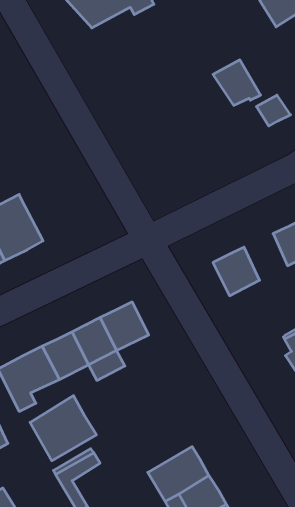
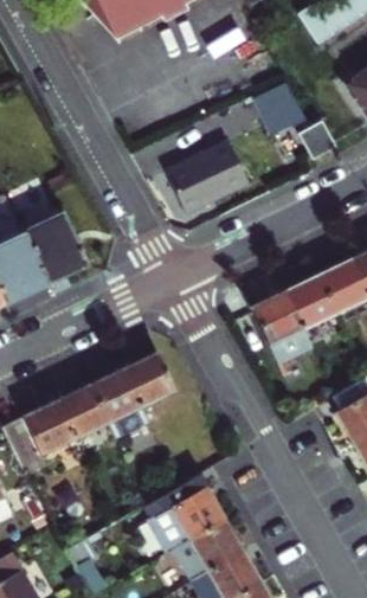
building: none -> [170,136,257,208]
building: none -> [30,206,96,283]
building: none -> [284,275,334,328]
building: [30,396,96,461] -> [149,474,225,548]

